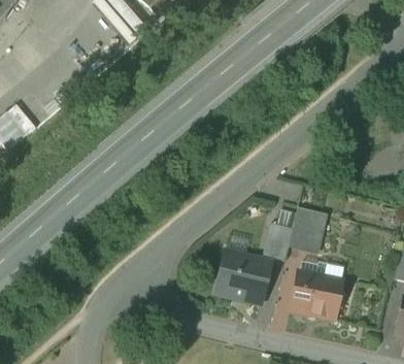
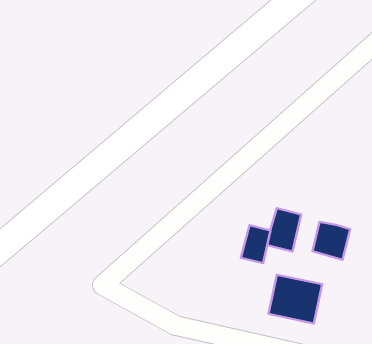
building: none -> [313,222,350,260]
building: [213,252,270,302] -> none

